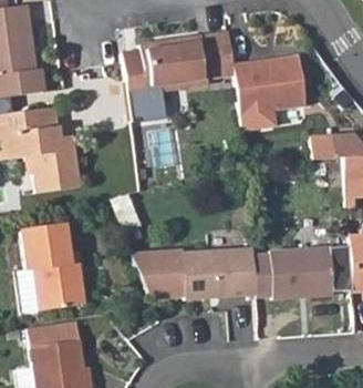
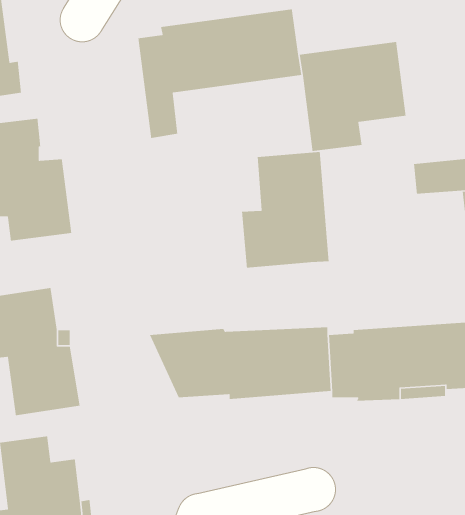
building: none -> [241,151,329,268]

